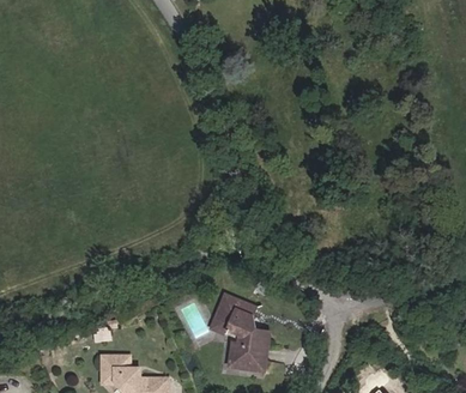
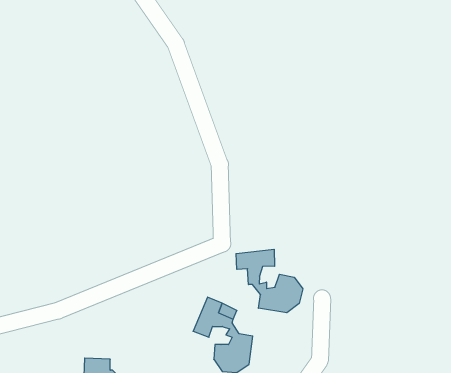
building: none -> [236,249,303,313]

